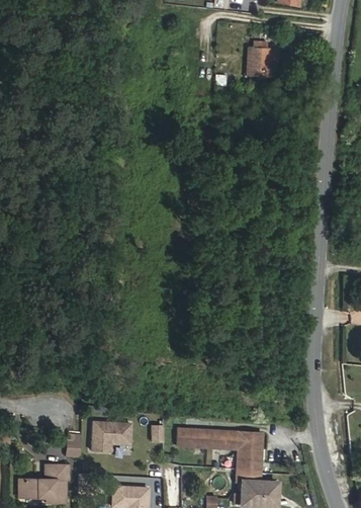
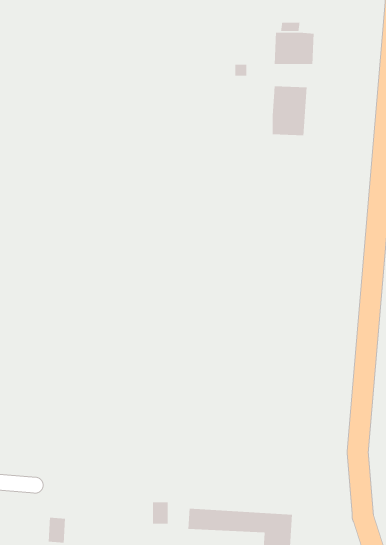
building: none -> [272,86,307,136]
building: [93,420,132,449] -> none

